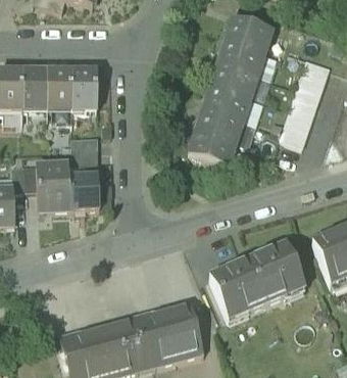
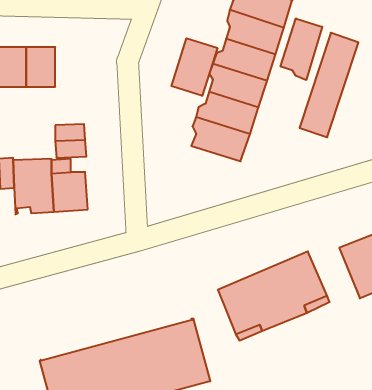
building: none -> [281,18,322,80]
building: none -> [171,38,217,96]
building: [71,69,97,108] -> none

